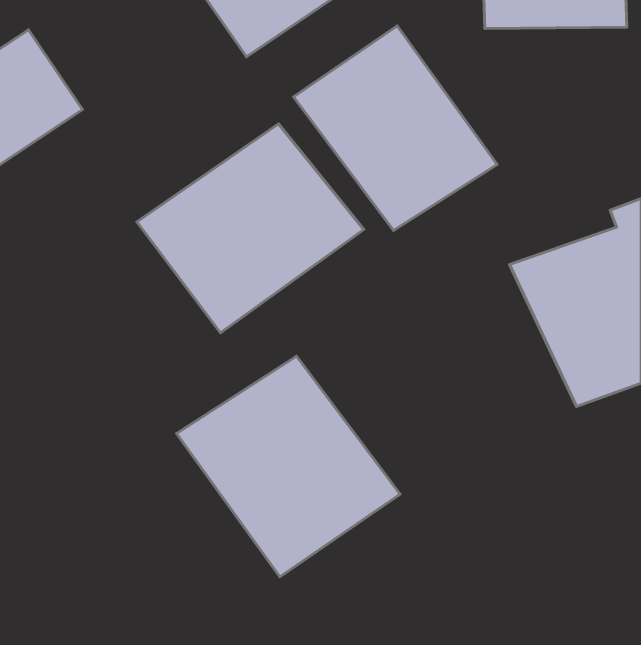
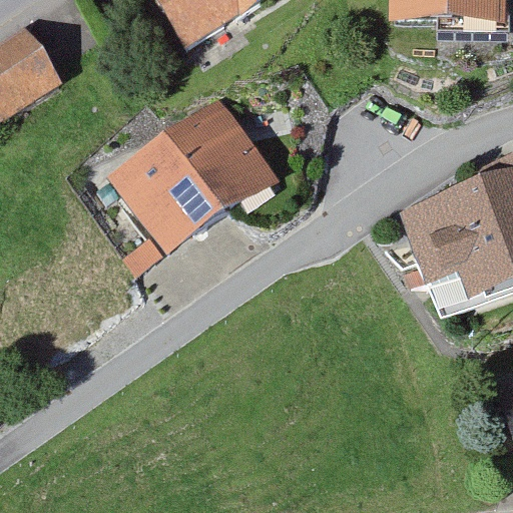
building: [293,26,497,231] -> none
building: [176,356,400,577] -> none

